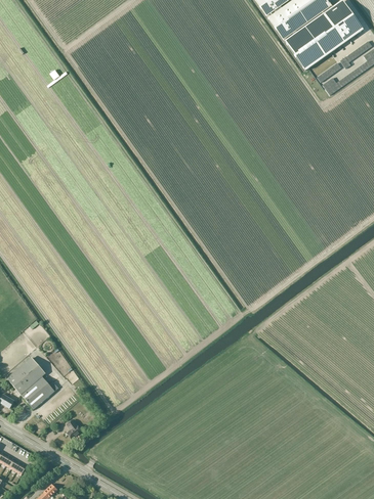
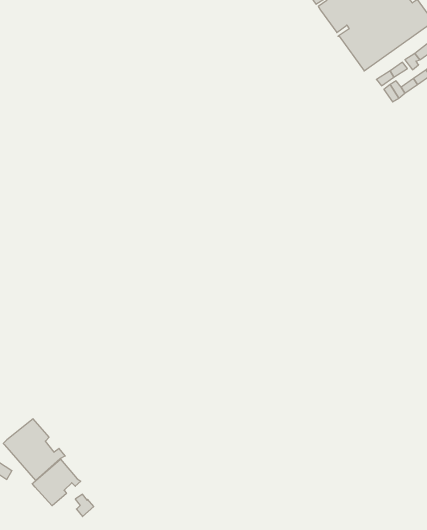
building: none -> [32,459,81,506]

